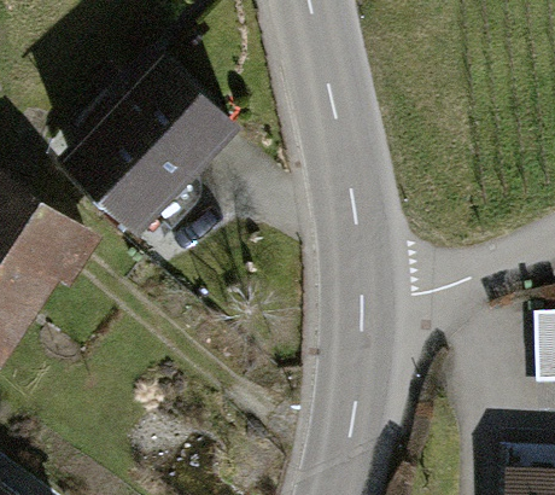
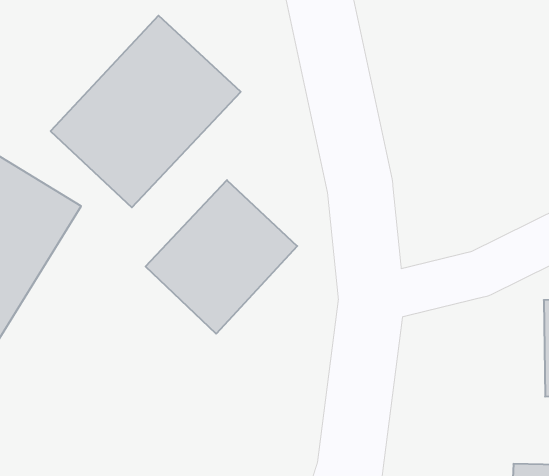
building: none -> [146,180,297,334]

